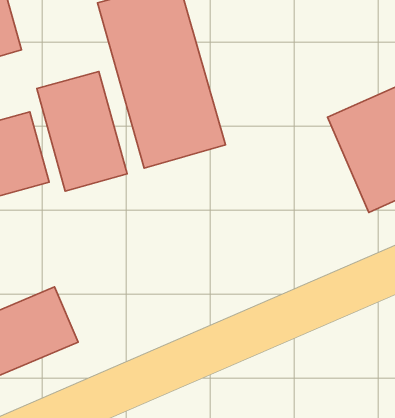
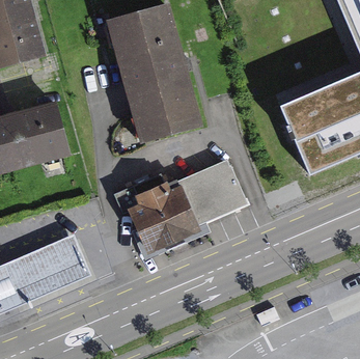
building: [37,71,127,191] -> none
building: none -> [128,159,256,256]

